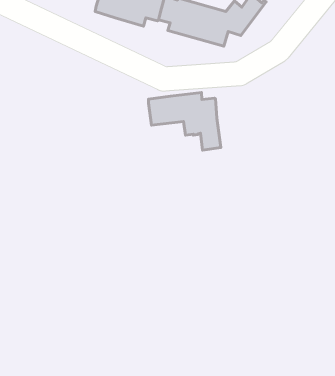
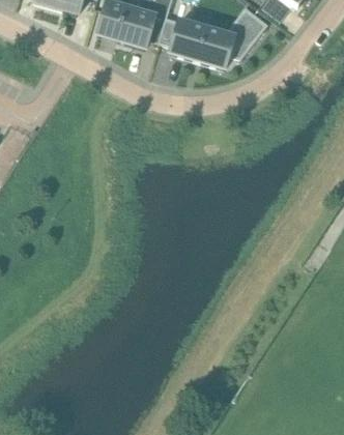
building: [148,93,221,150] -> none

